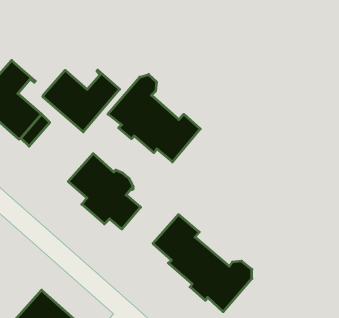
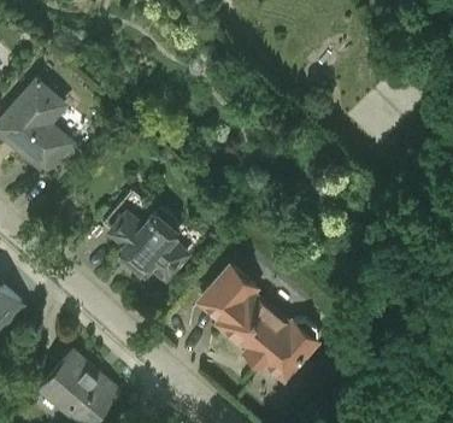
building: [43,70,120,132] -> none
building: [108,74,200,162] -> none

